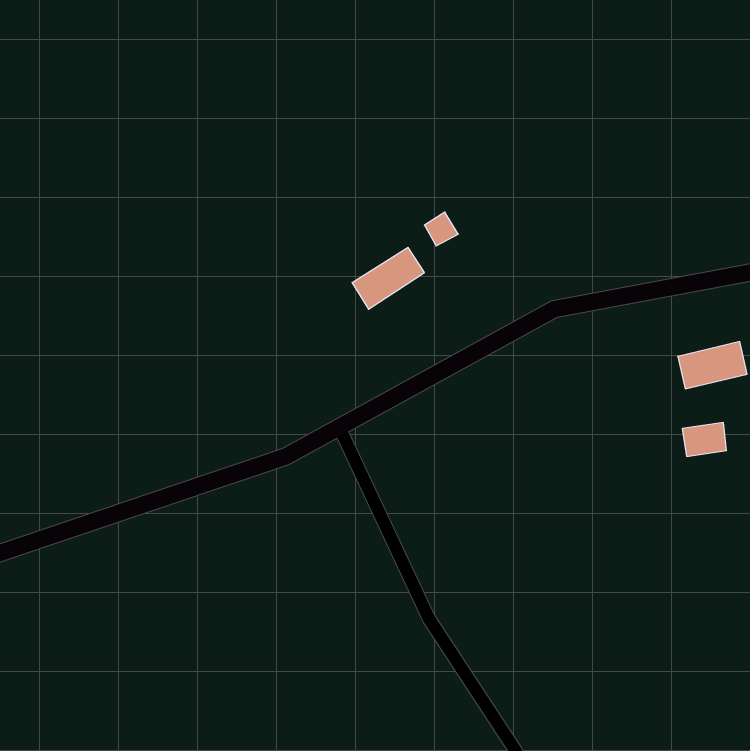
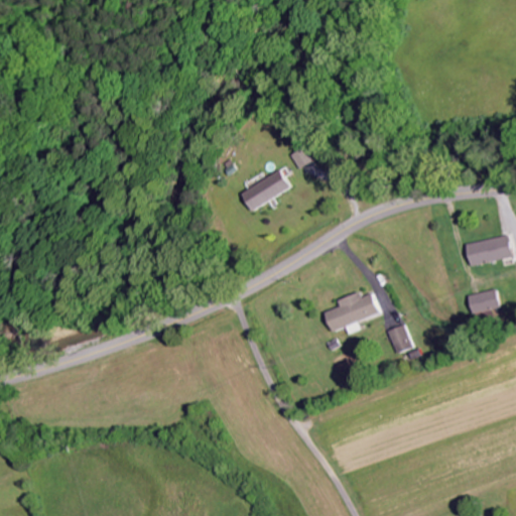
building: none -> [326,291,380,332]
building: none -> [386,324,413,354]

